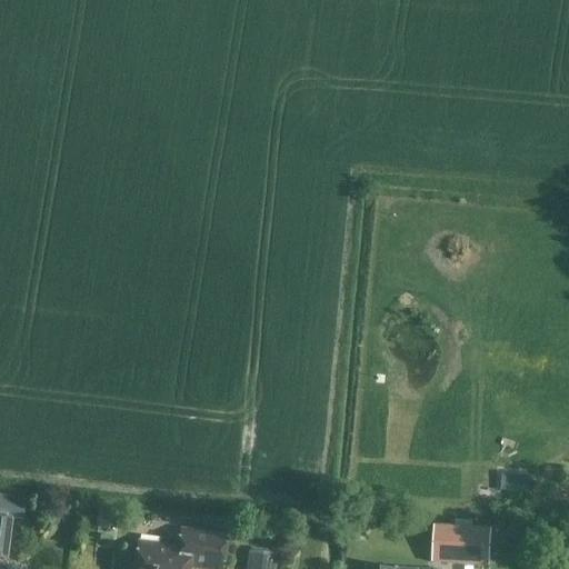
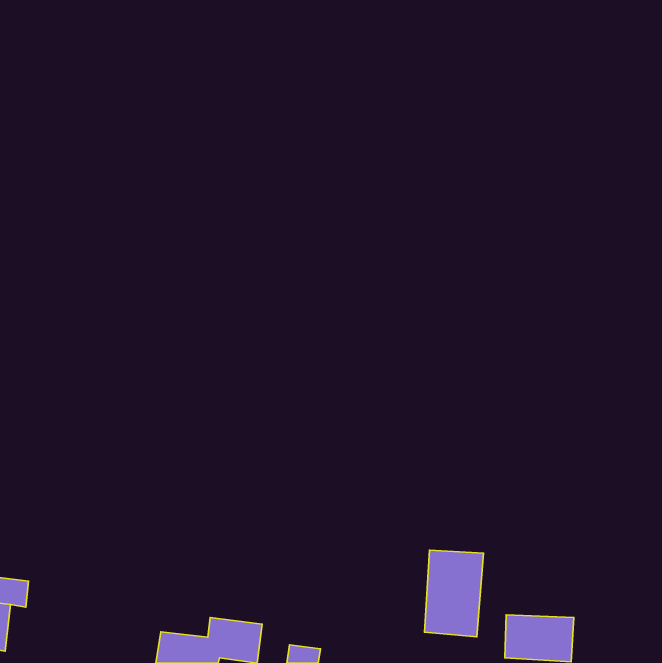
building: none -> [425,550,484,637]

